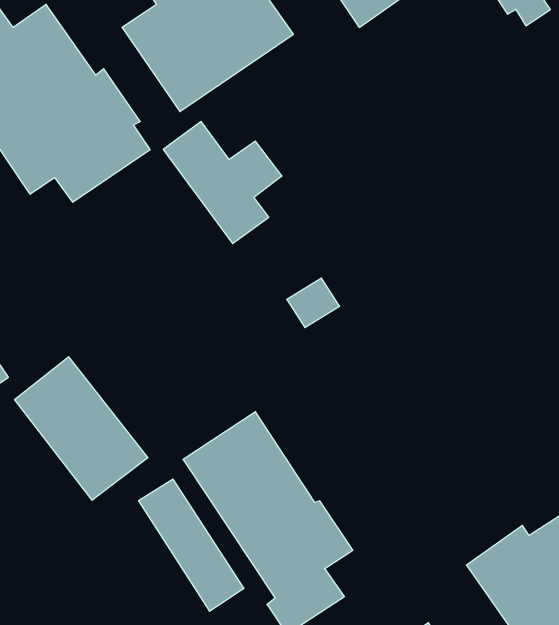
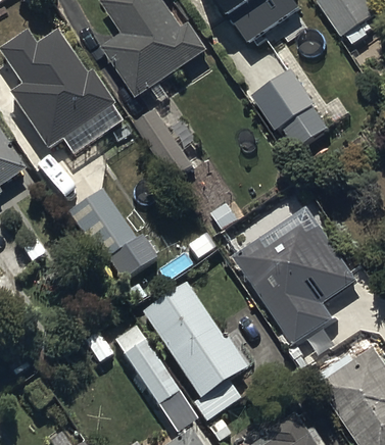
building: none -> [255,68,331,148]
building: none -> [234,204,358,343]
building: [15,357,148,500] -> [70,185,153,274]

